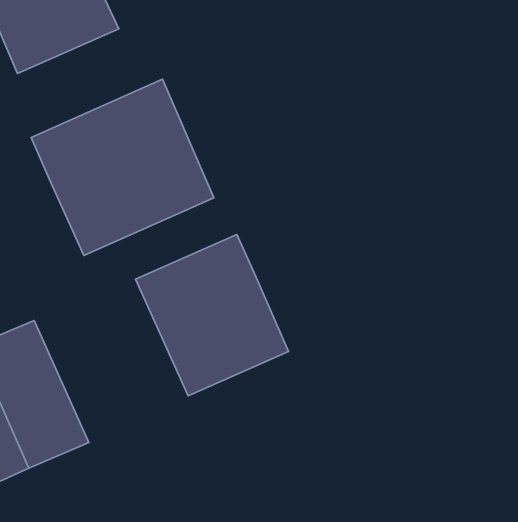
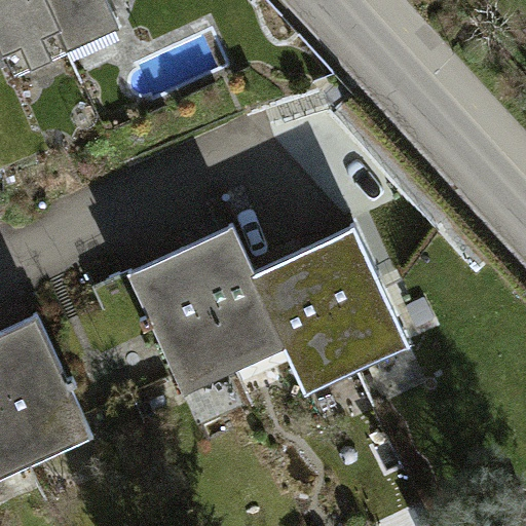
building: [31,79,214,256] -> none
building: none -> [254,229,407,389]

